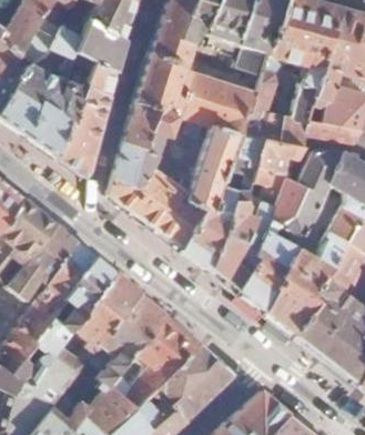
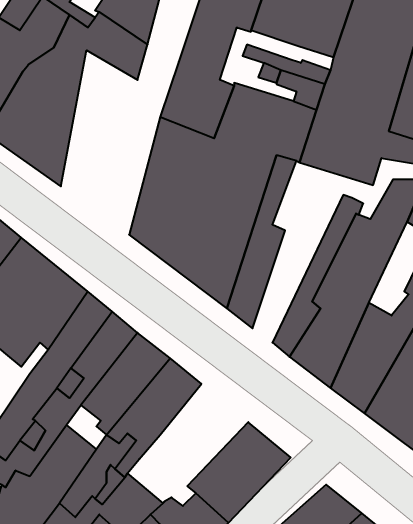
building: [59,51,119,179] -> none
building: [209,138,303,280] -> none
building: [111,312,205,405] -> none

